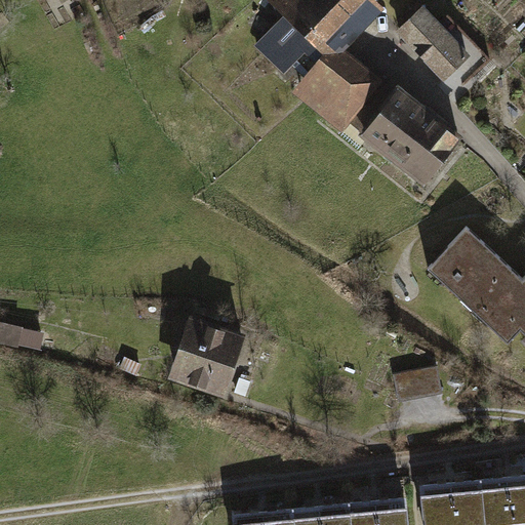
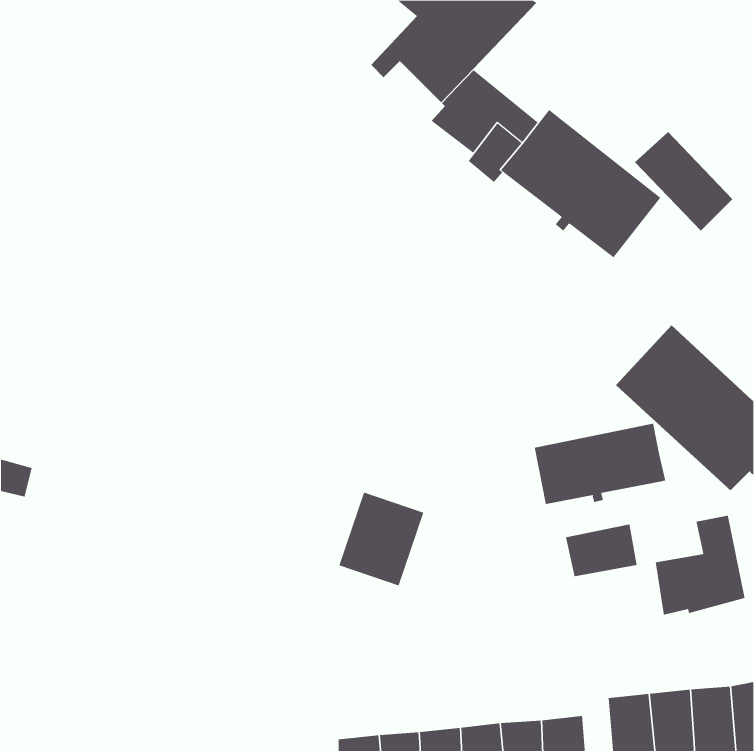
building: [399,10,468,80] -> [634,131,733,231]
building: none -> [534,423,666,505]
building: [177,324,237,390] -> [339,492,424,586]
building: none -> [655,515,745,616]

